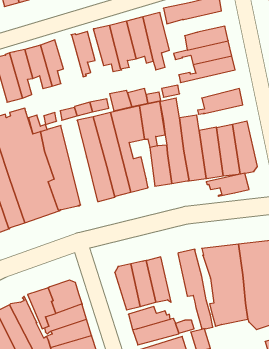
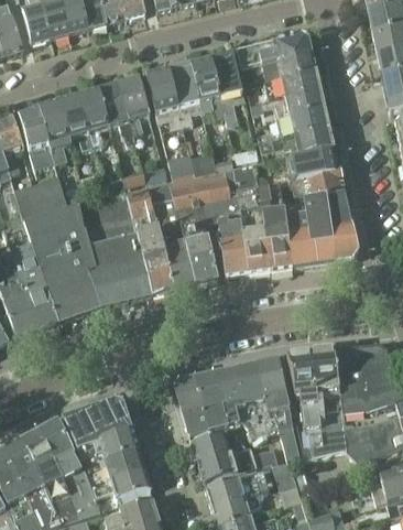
building: none -> [261,50,316,77]
building: none -> [97,82,135,144]
building: none -> [259,126,334,154]
building: none -> [105,191,152,300]
building: [206,173,249,196] -> [290,171,345,201]
building: none -> [233,363,279,440]

